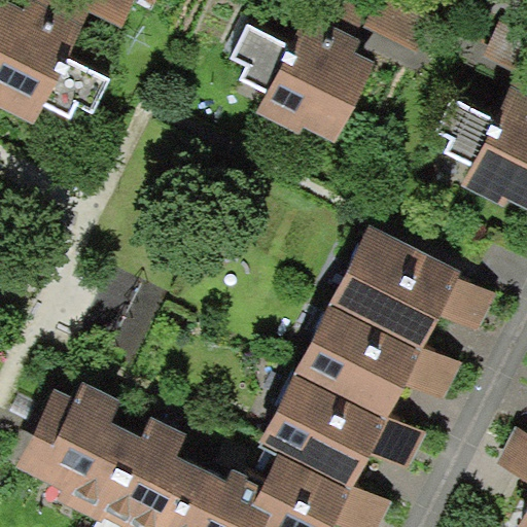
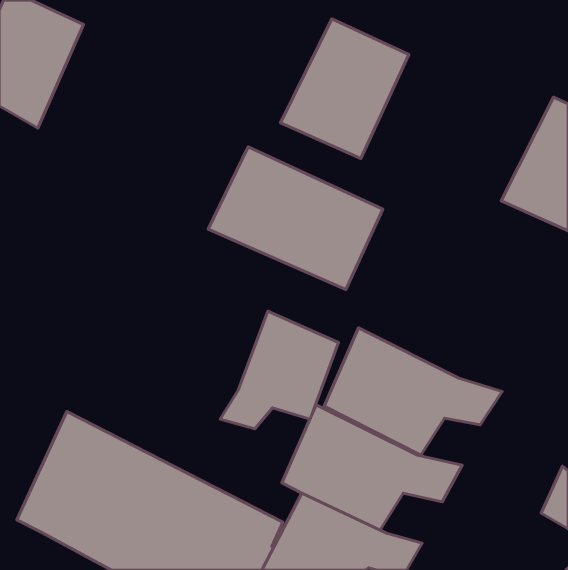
building: none -> [208,147,383,290]
building: [335,229,499,346] -> none
building: none -> [220,311,338,429]

